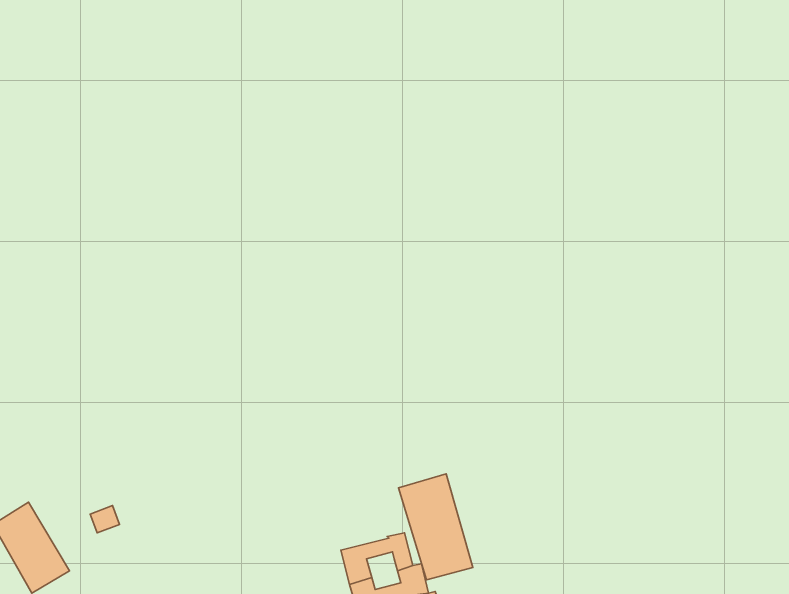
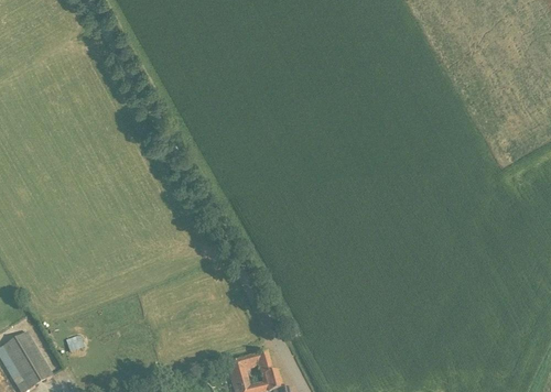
building: [398,474,473,580] -> none

